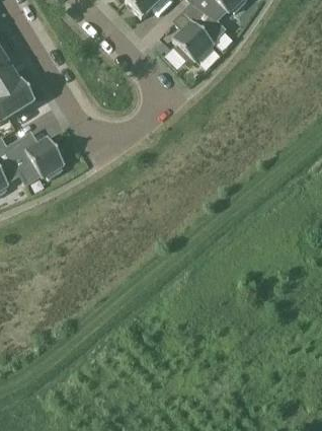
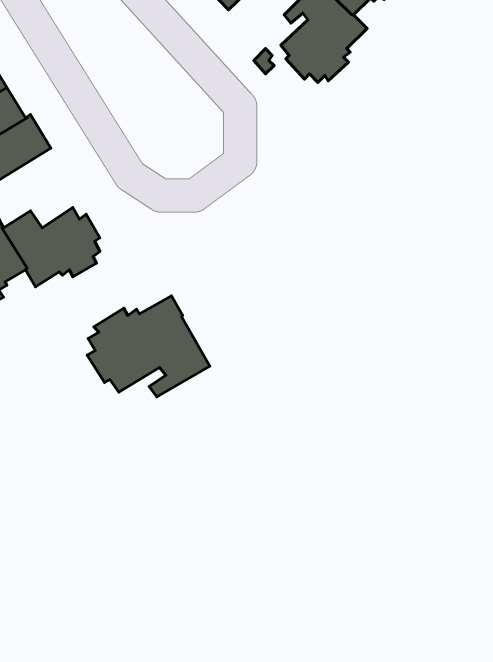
building: none -> [87,296,210,397]

